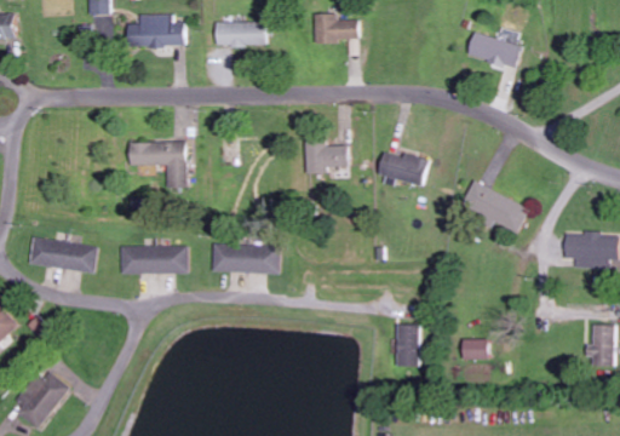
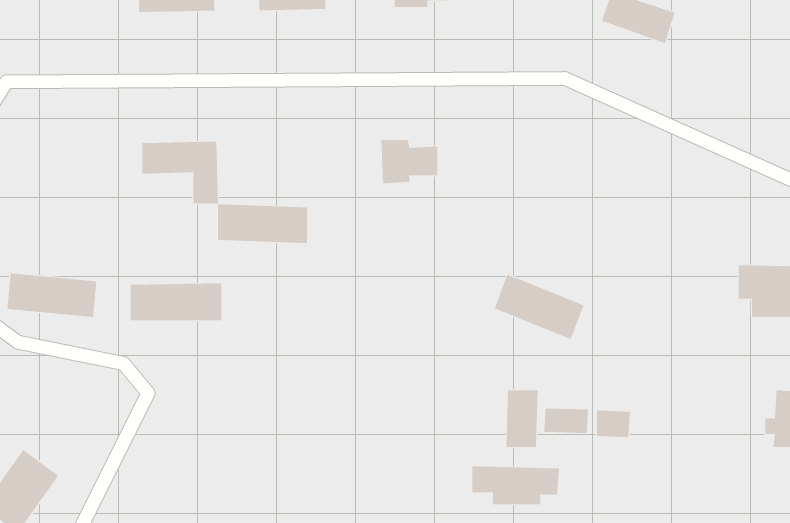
building: [377,151,427,187] -> none
building: [463,183,529,231] -> [494,274,584,340]
building: [212,245,279,274] -> [217,204,308,243]
building: none -> [544,408,589,434]
building: none -> [472,465,559,505]

